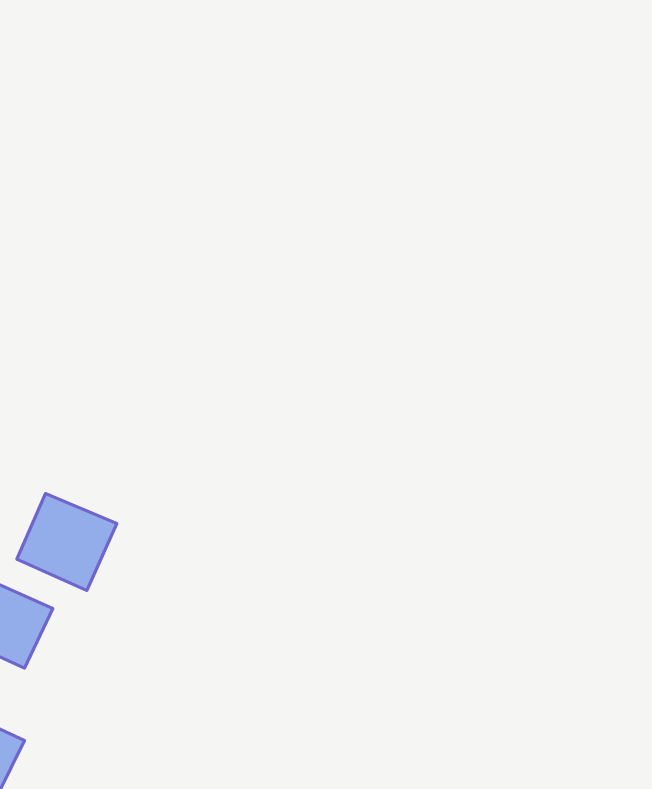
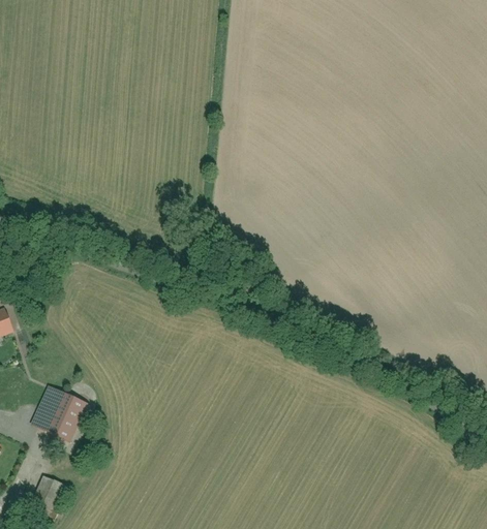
building: [17,493,117,591] -> none

